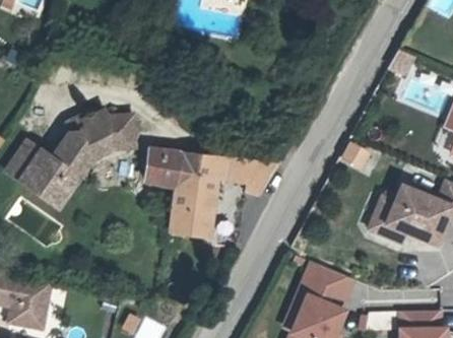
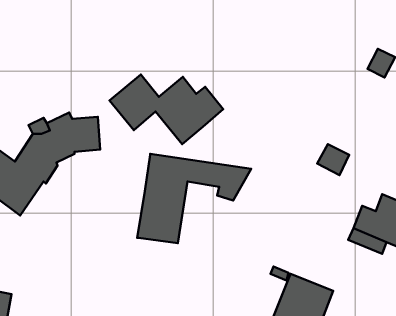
building: none -> [110,75,223,144]
building: [144,146,181,185] -> none

